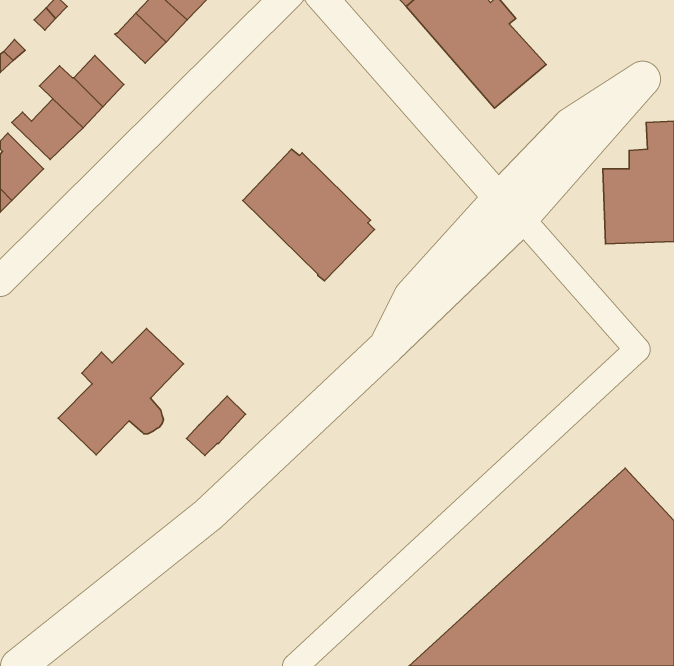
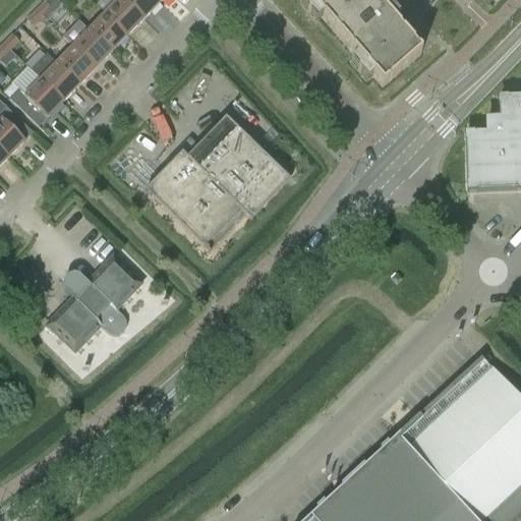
building: none -> [62,15,112,65]
building: none -> [144,150,245,250]
building: [187,396,245,455] -> none

